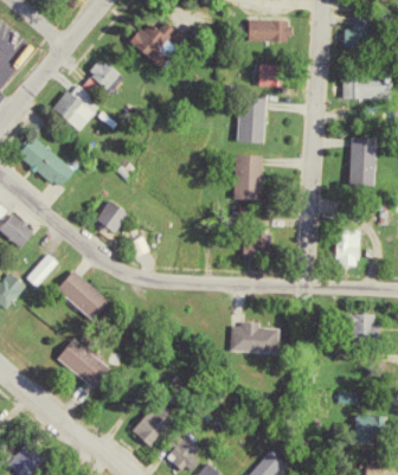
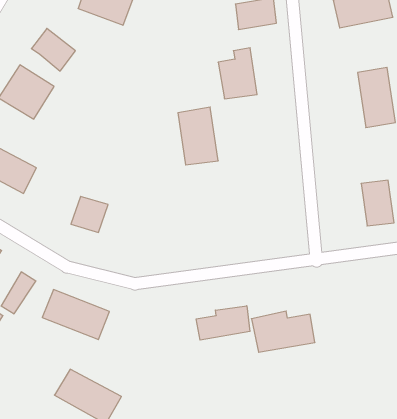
building: [233,155,262,200] -> [178,107,218,165]
building: none -> [196,306,250,340]

